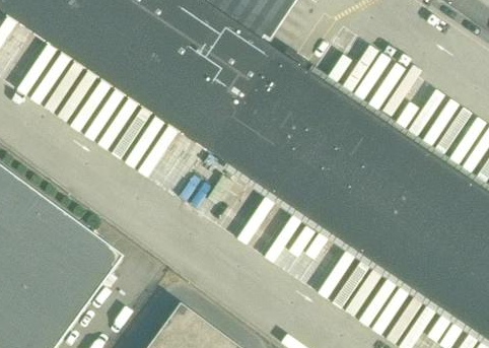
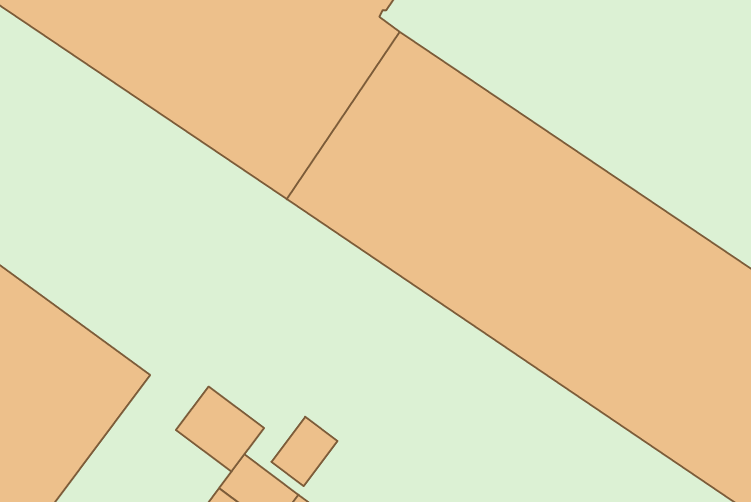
building: none -> [176,387,264,472]
building: none -> [271,417,337,486]

